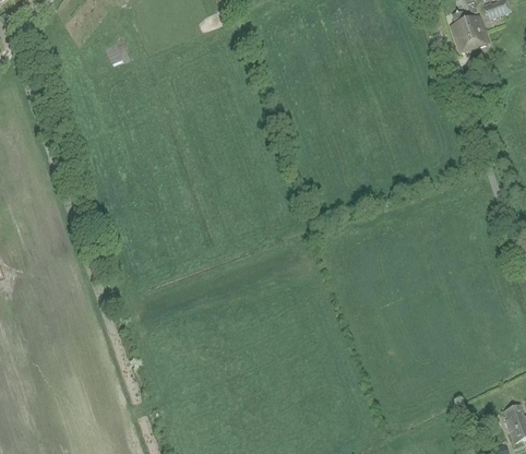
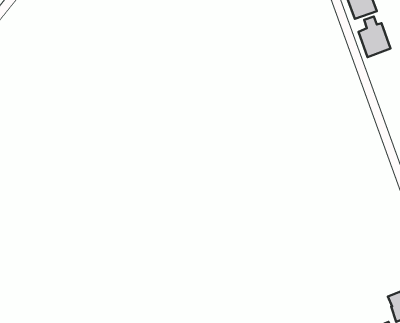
building: none -> [358,16,391,57]

